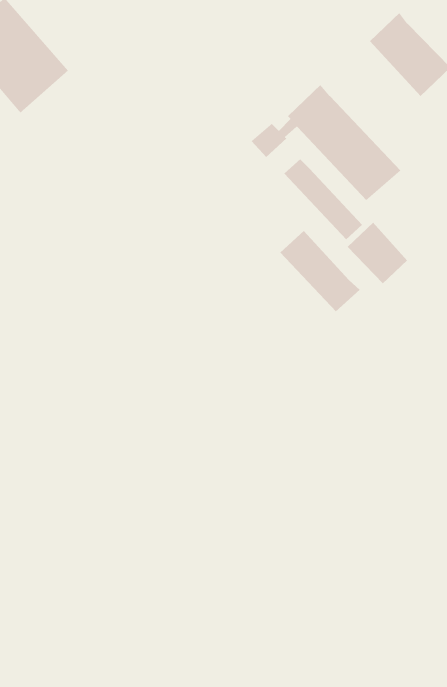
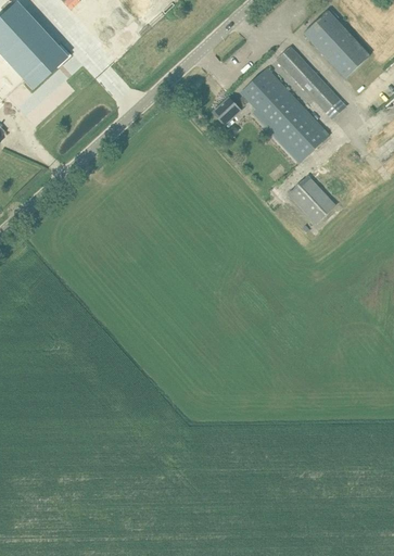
building: [284,158,363,240] -> [276,47,338,111]
building: [279,230,360,312] -> none

